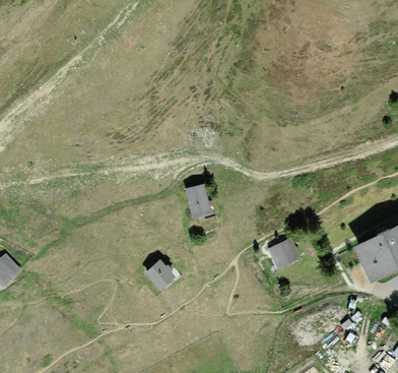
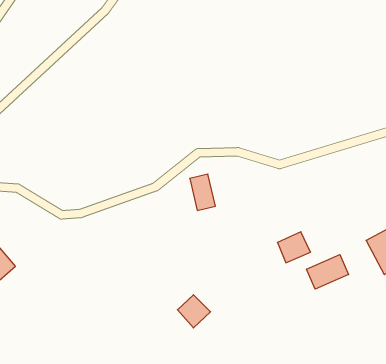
building: [145,259,177,291] -> [177,295,211,328]
building: none -> [307,255,349,289]

